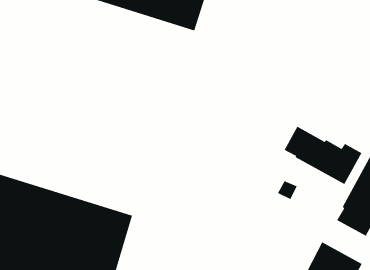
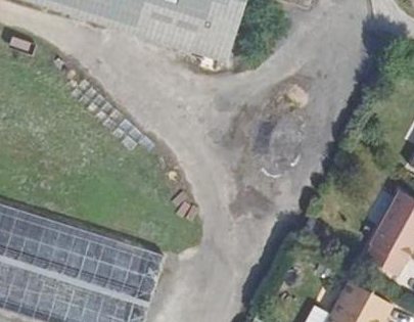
building: [284,126,362,185] -> none

